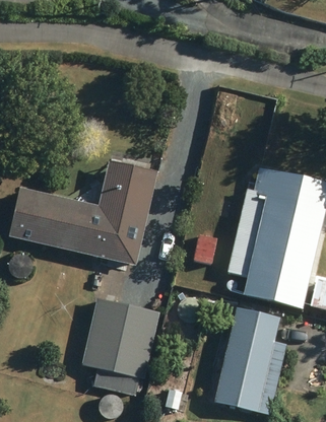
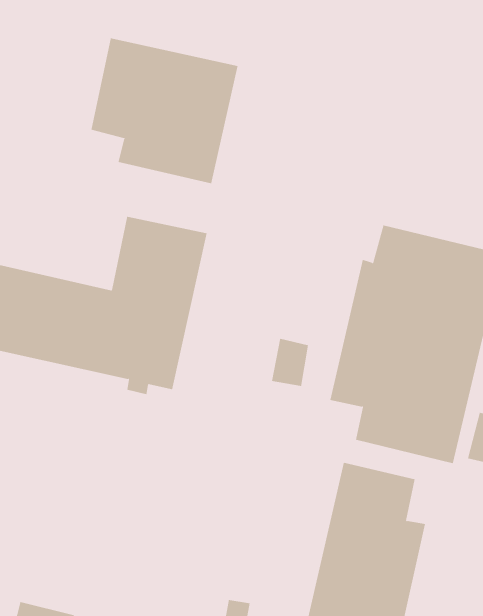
building: none -> [91,38,238,184]
building: [82,296,160,394] -> none

